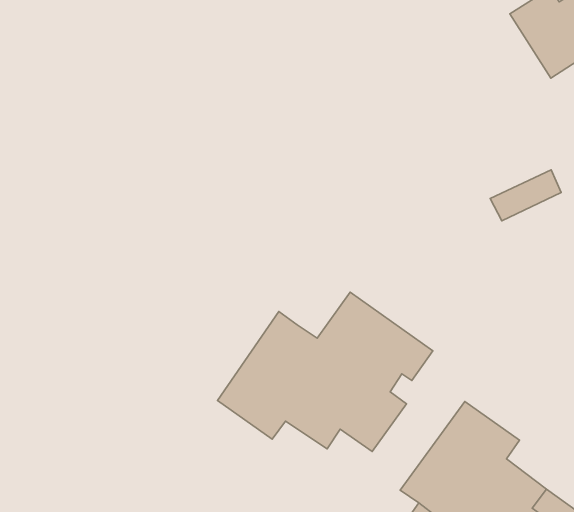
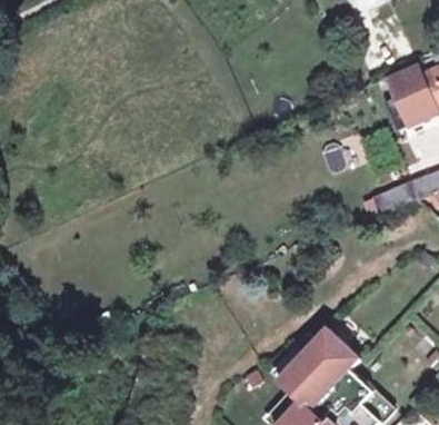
building: [218,292,433,452] -> none

